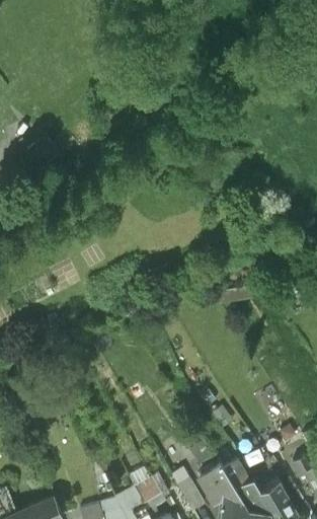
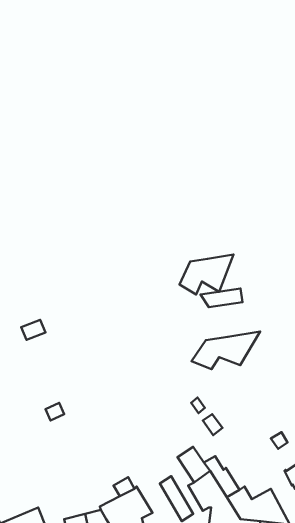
building: none -> [180,255,233,295]
building: none -> [191,332,260,369]

